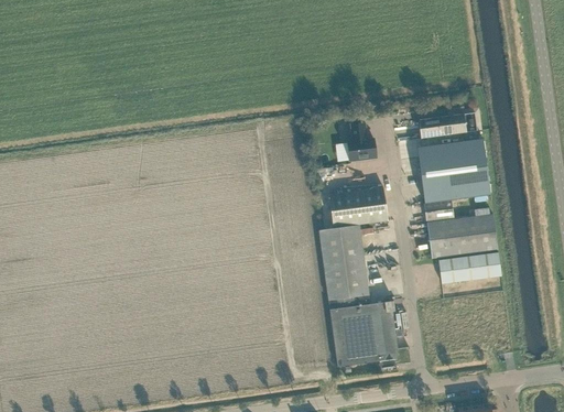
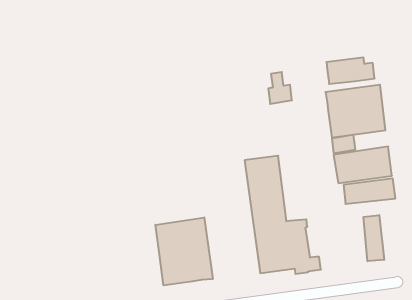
building: [328,187,388,228] -> none
building: none -> [364,215,384,261]
building: none -> [155,217,213,285]

